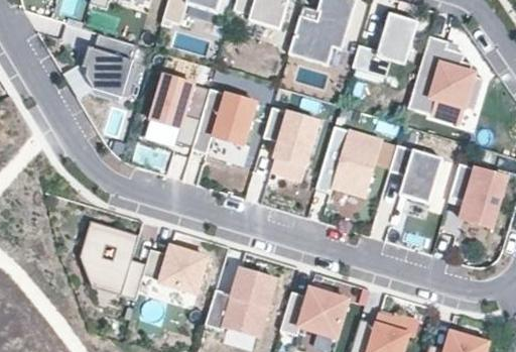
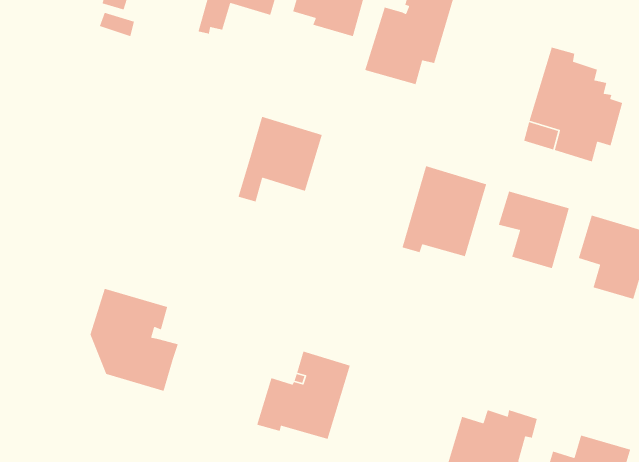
building: [353,13,418,78] -> none
building: [83,32,138,97] -> none
building: [151,76,211,129] -> none
building: [263,108,318,166] -> none
building: [144,244,209,291] -> none
building: [281,285,350,336] -> none

